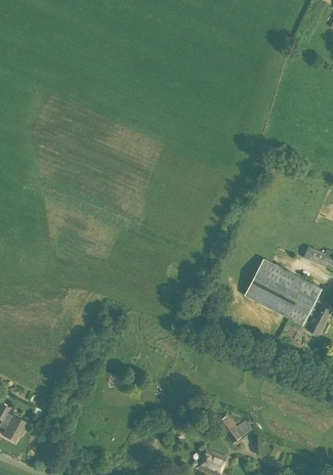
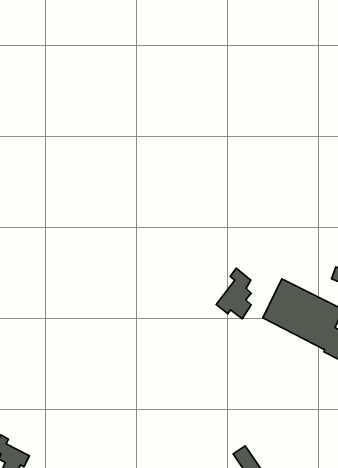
building: none -> [216,268,251,319]

